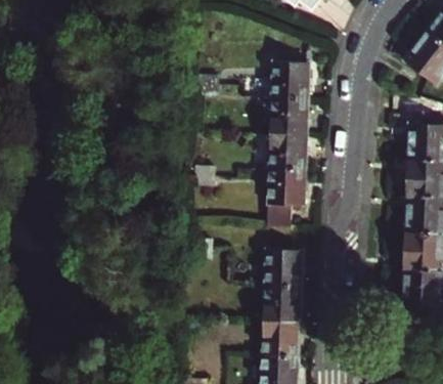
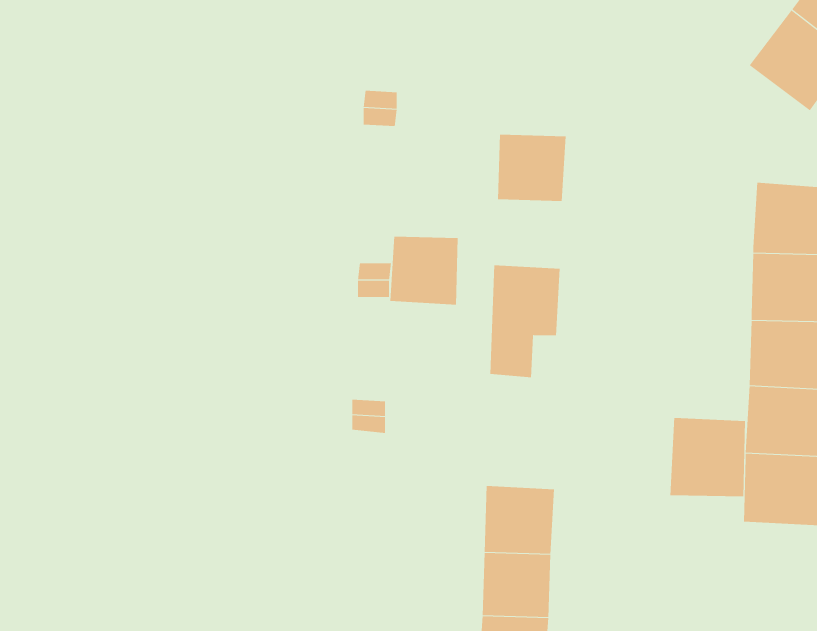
building: [271,62,308,99] -> none
building: [268,133,305,170] -> [390,236,459,305]
building: none -> [670,417,745,497]
building: [264,250,302,288] -> none

